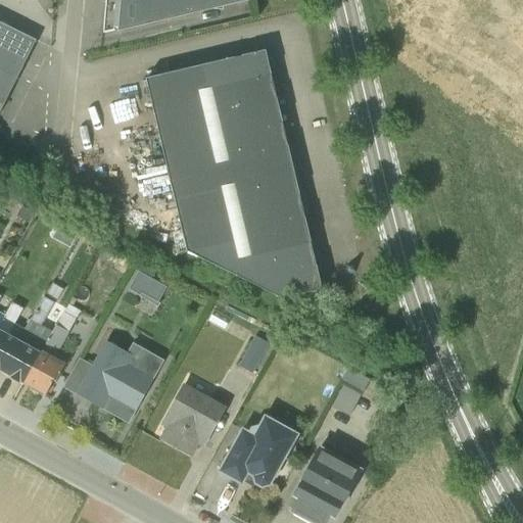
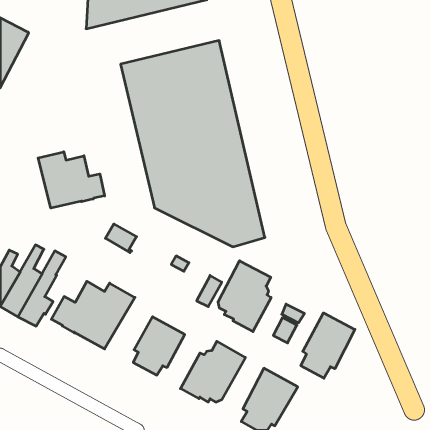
building: none -> [38,152,105,208]
building: none -> [218,261,271,332]
building: none -> [301,313,355,378]

